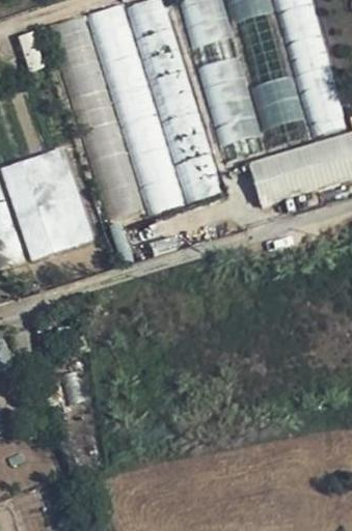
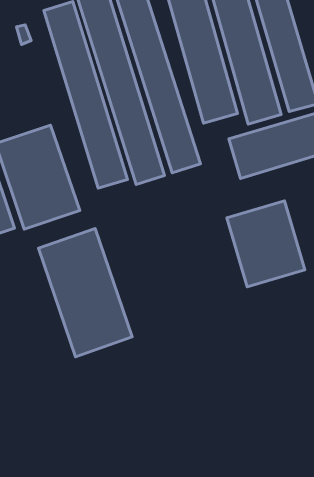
building: none -> [227,201,305,287]
building: none -> [38,228,132,357]

